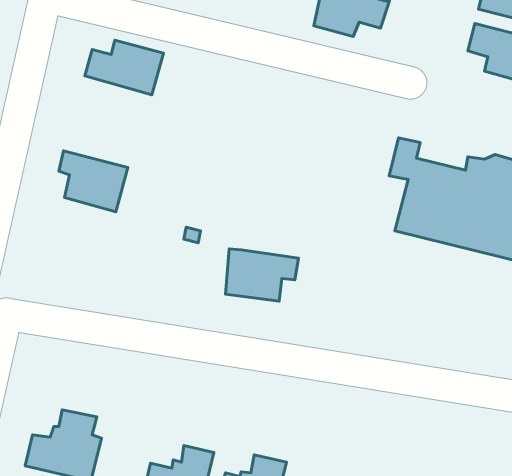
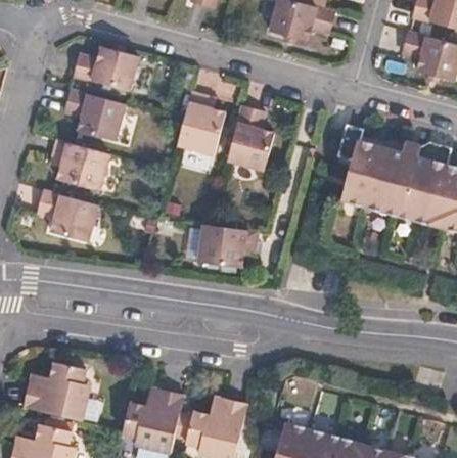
building: none -> [65,87,128,142]
building: none -> [177,90,227,152]
building: none -> [225,103,271,169]
building: none -> [40,189,100,242]

